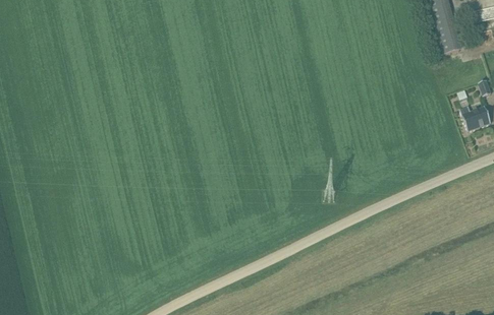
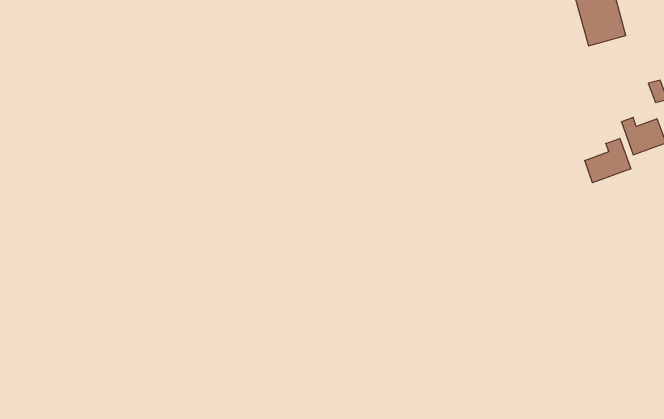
building: none -> [585,138,631,183]

